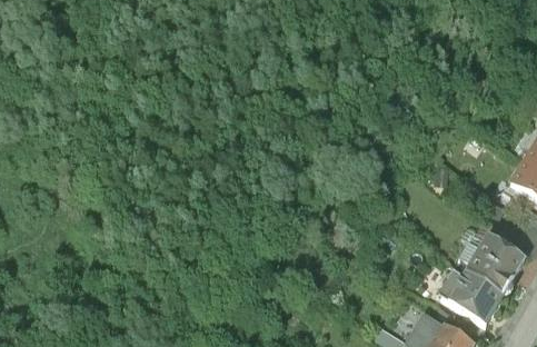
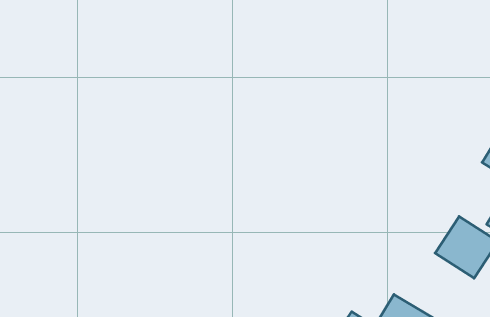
building: [444,270,503,323] -> none

